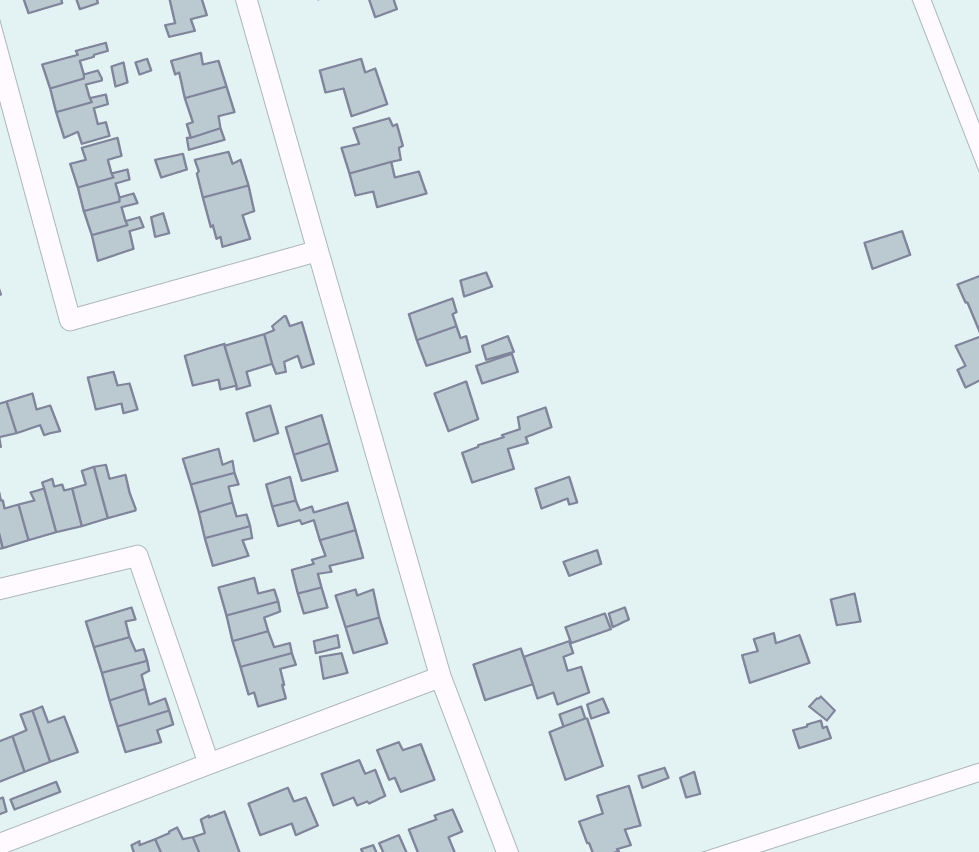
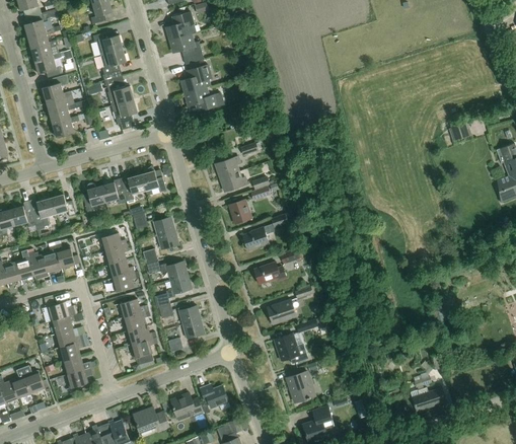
building: none -> [25,9,60,38]
building: none -> [166,11,197,41]
building: none -> [83,182,105,213]
building: none -> [32,198,56,231]
building: none -> [254,263,287,285]
building: none -> [48,297,82,322]
building: [742,633,809,683] -> [412,387,446,413]
building: [473,649,533,700] -> [267,299,297,325]

